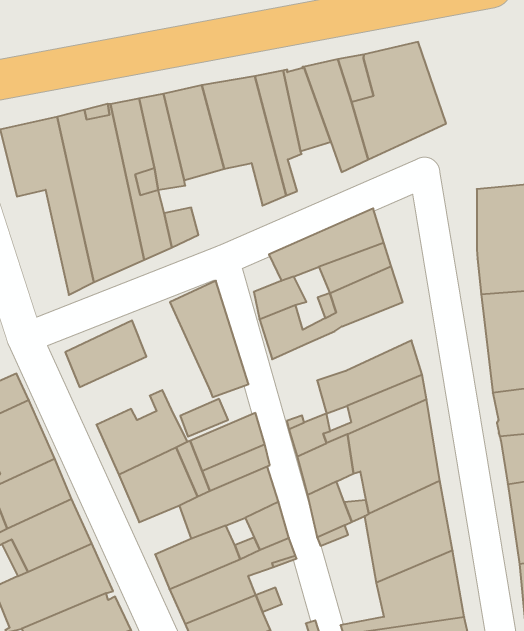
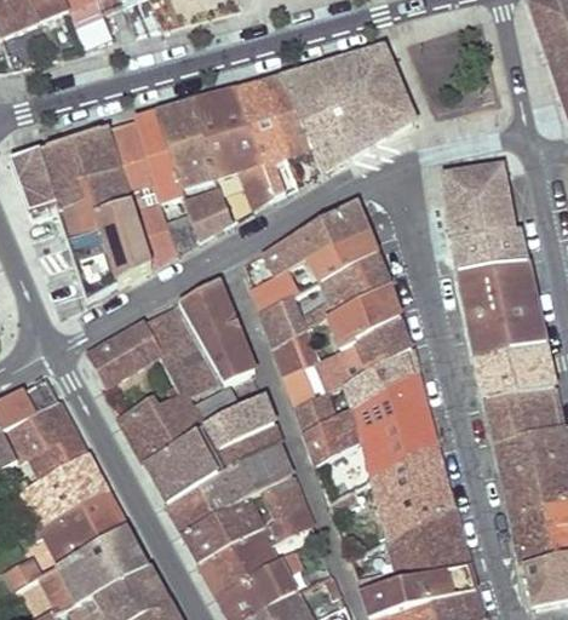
building: none -> [185,188,233,237]
building: none -> [329,282,400,349]
building: none -> [145,300,222,397]
building: none -> [275,327,317,373]
building: none -> [167,483,216,529]

